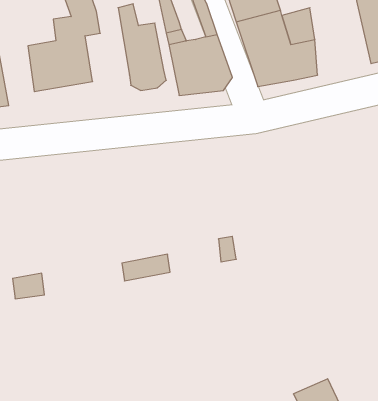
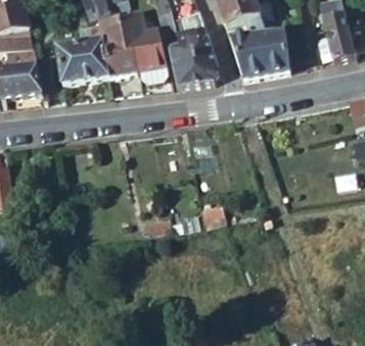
building: none -> [103,16,139,76]

